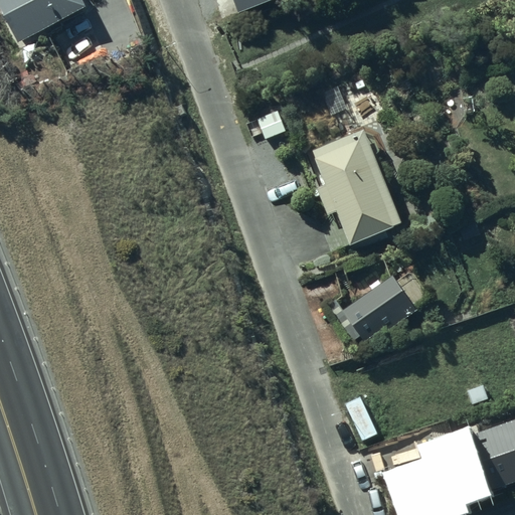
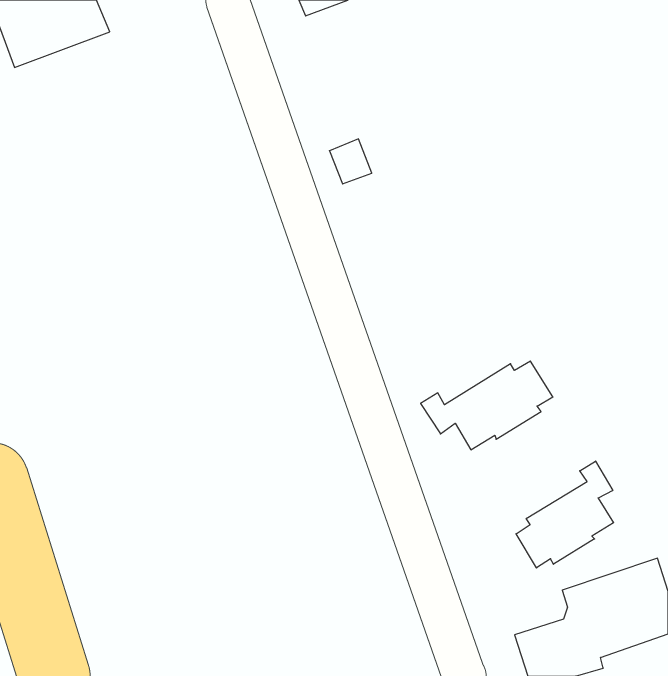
building: [306,123,402,244] -> none
building: none -> [516,461,614,568]

